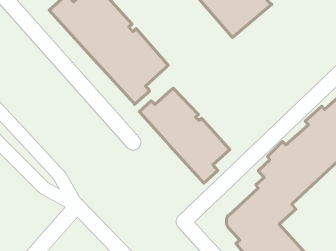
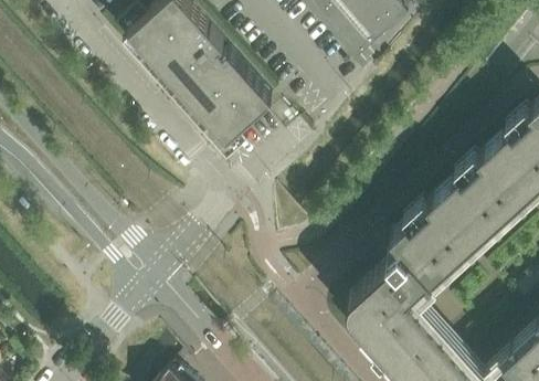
building: [139,88,230,183] -> none

